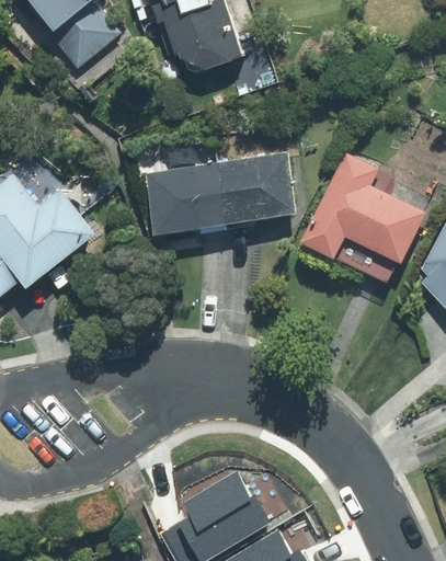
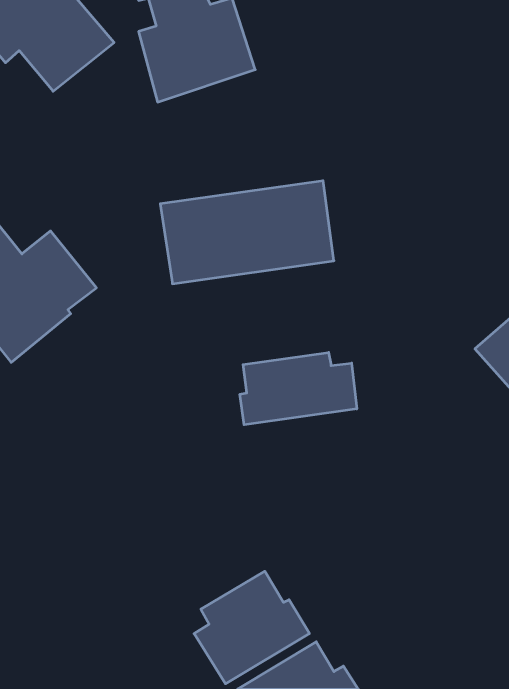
building: [298,146,422,266] -> none
building: none -> [240,352,357,425]

